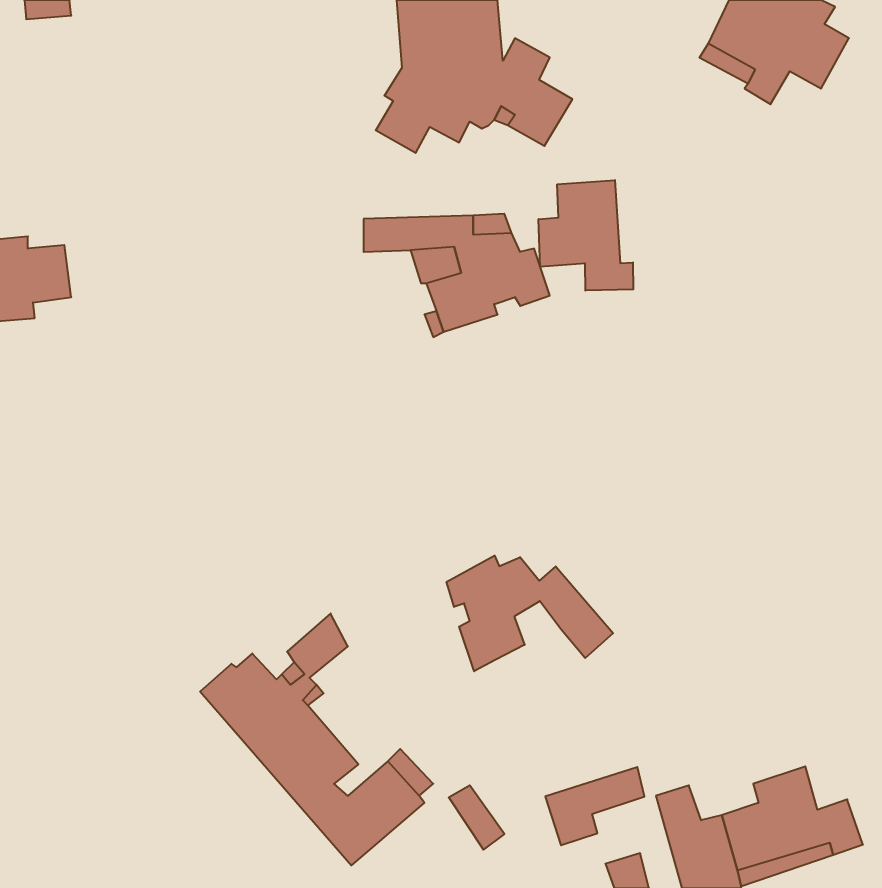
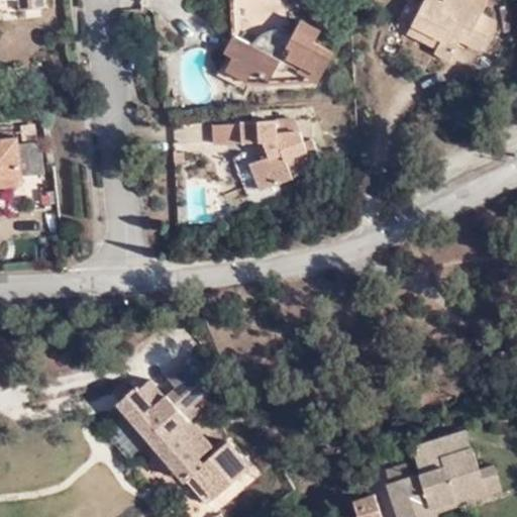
building: [539,180,633,291] -> none
building: [447,556,613,671] -> none
building: [545,767,644,845] -> [410,428,468,474]

